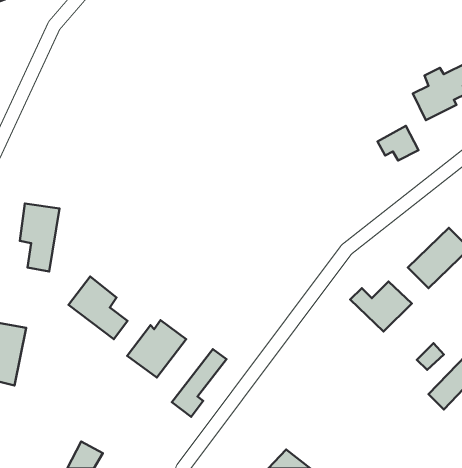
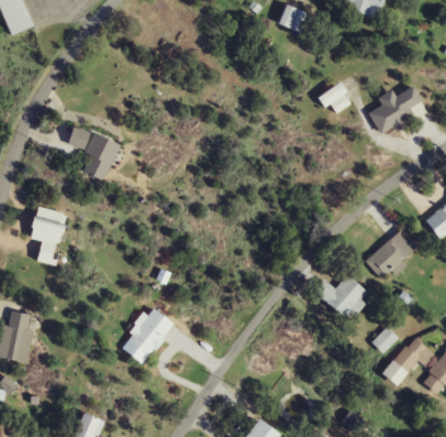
building: none -> [69,124,121,181]
building: [378,126,419,161] -> [316,83,352,112]
building: [68,277,127,339] -> none
building: [172,349,226,417] -> none

